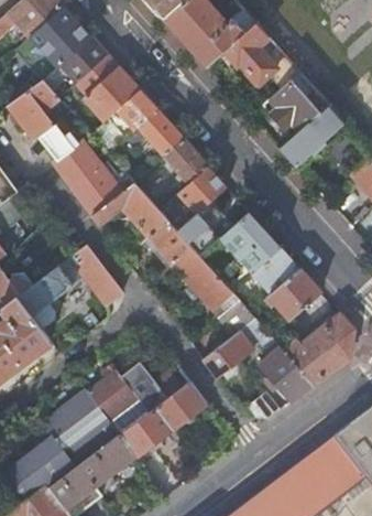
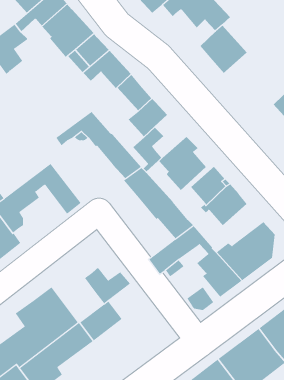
building: [281,105,346,166] -> none
building: [39,121,135,215] -> none
building: [88,364,139,421] -> none
building: [155,381,207,430] -> none

